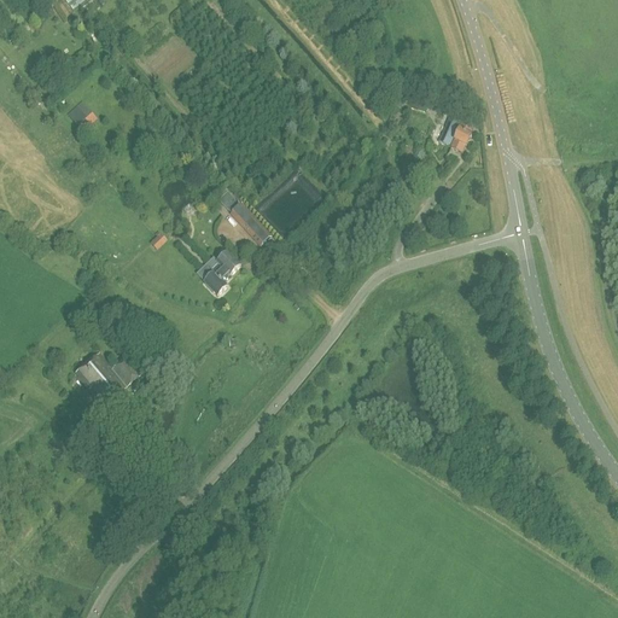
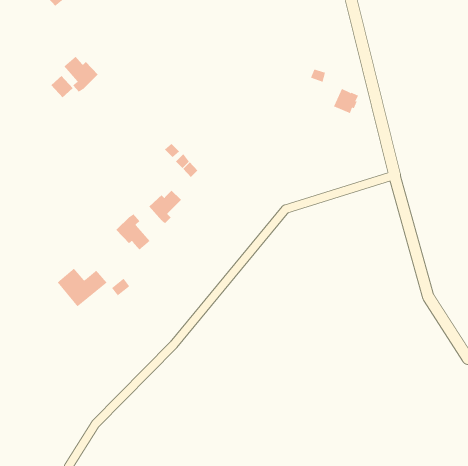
building: none -> [64,56,98,93]
building: none -> [116,214,151,251]

